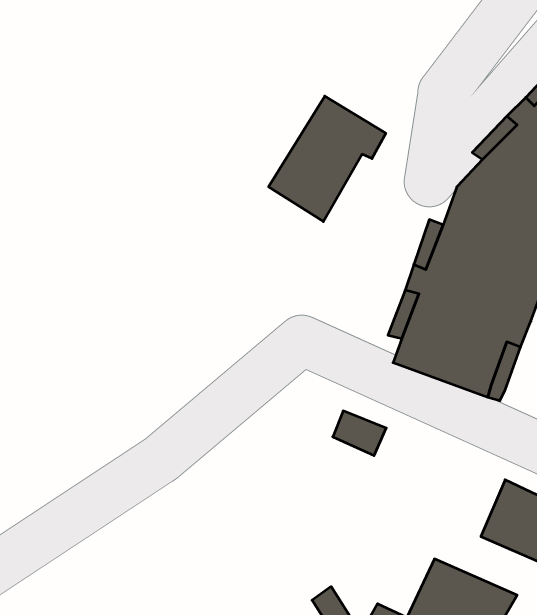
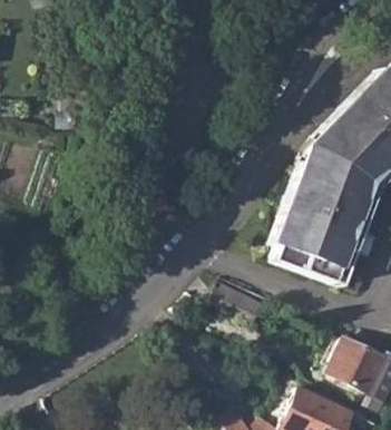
building: [269,96,386,222] -> none

